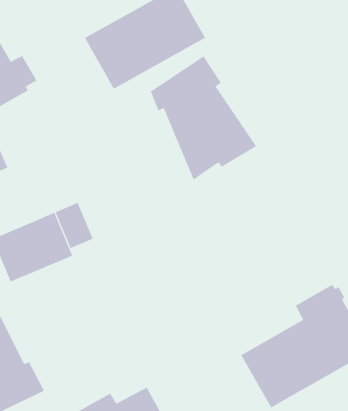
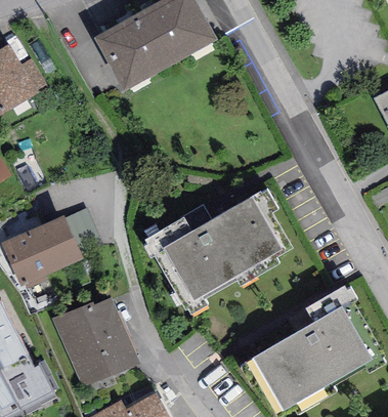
building: [150,55,257,181] -> none
building: none -> [141,191,292,316]
building: none -> [52,297,139,387]

